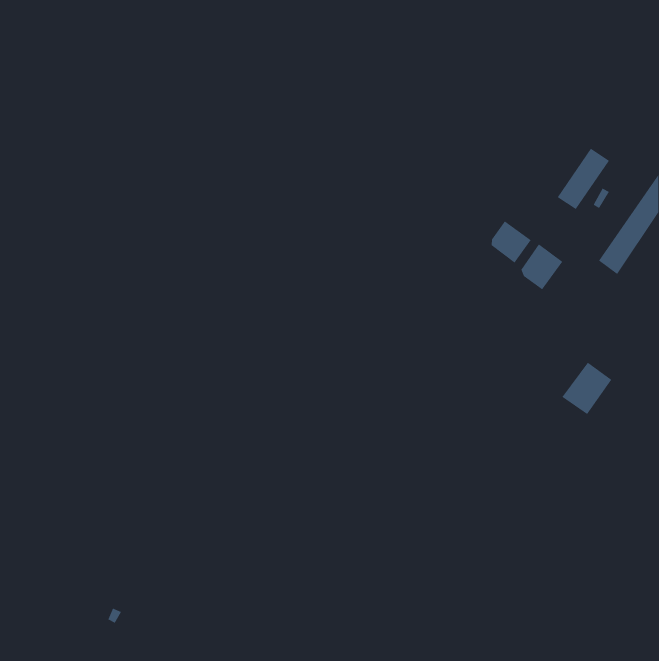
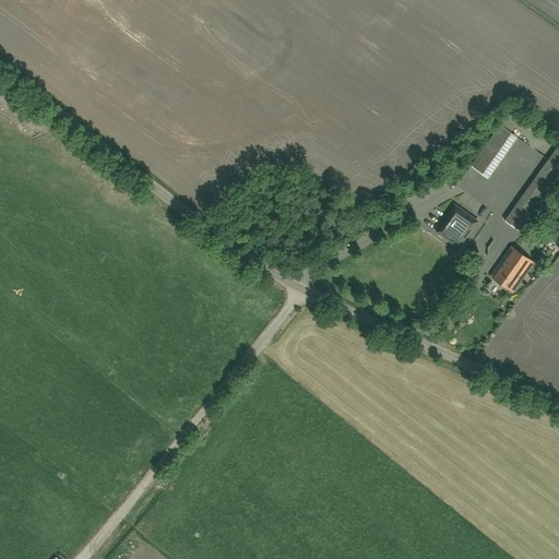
building: [491,221,531,263] -> none
building: [562,362,612,415] -> [489,246,532,290]

